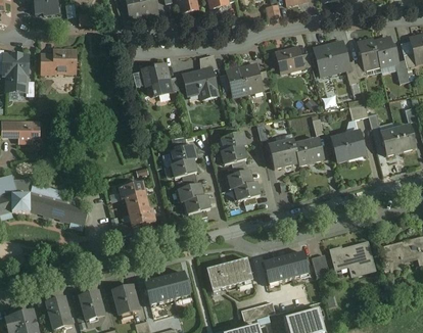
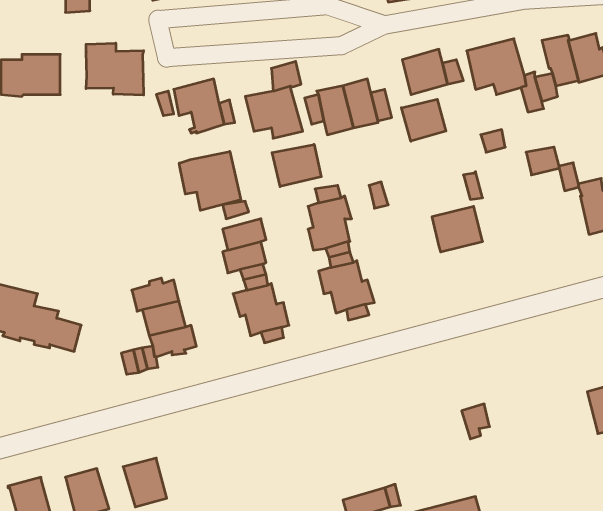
building: none -> [86,43,144,95]
building: none -> [401,99,446,141]
building: none -> [272,144,321,187]
building: none -> [179,151,241,210]
building: [331,131,365,161] -> none
building: [268,139,297,168] -> none
building: [330,242,374,275] -> none
building: [262,250,309,283] -> none
building: [205,257,252,289] -> none
building: [143,271,189,304] -> none

